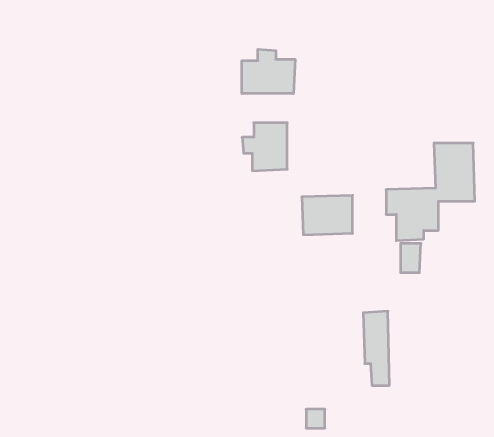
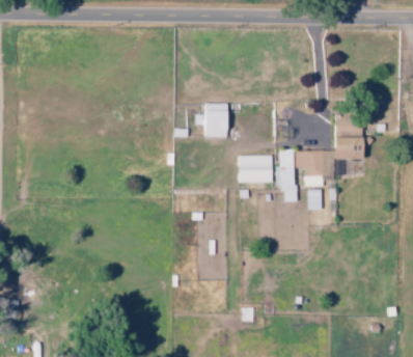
building: [242,49,295,94] -> none
building: [363,311,389,385] -> [278,148,297,201]

